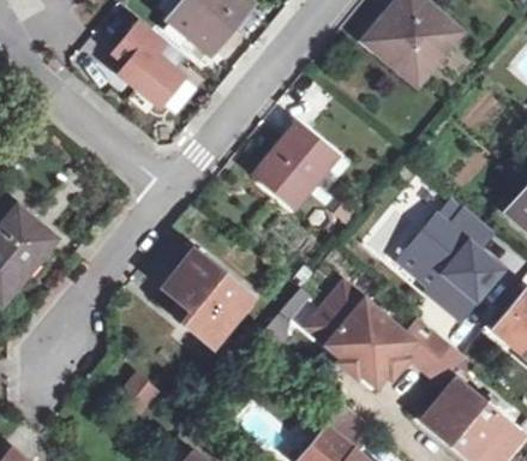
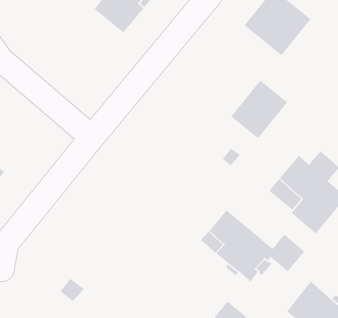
building: [115,24,182,104] -> none
building: [257,126,334,205] -> [230,79,288,139]
building: [164,251,251,346] -> none

